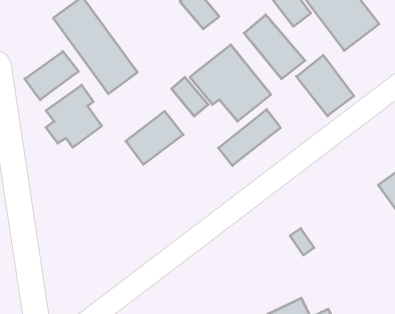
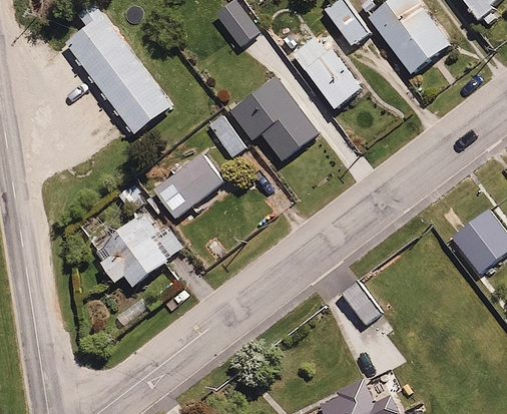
building: [25,51,78,100] -> none
building: [296,55,354,116] -> none
building: [46,85,102,147] -> [97,212,164,287]
building: [218,109,280,166] -> none

